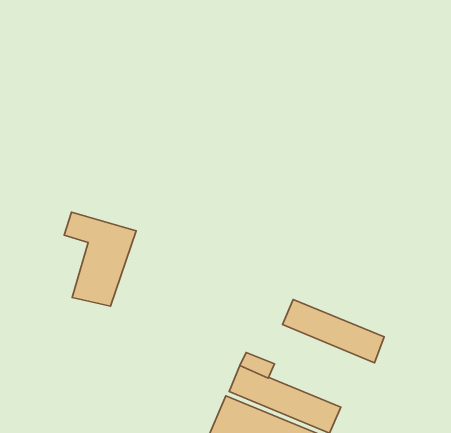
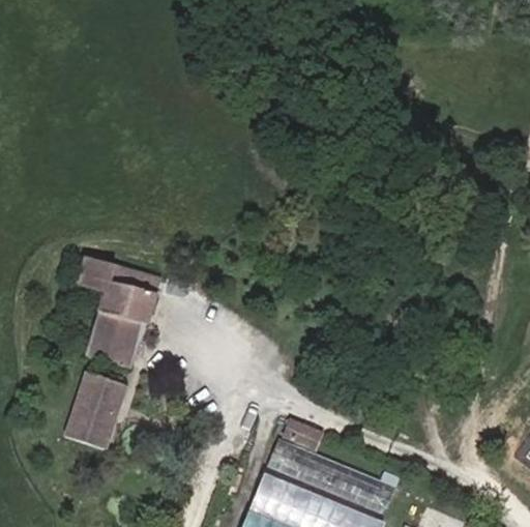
building: [283,299,384,363] -> none
building: none -> [64,376,124,448]

